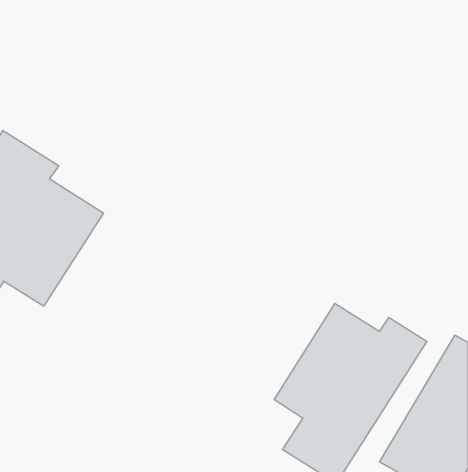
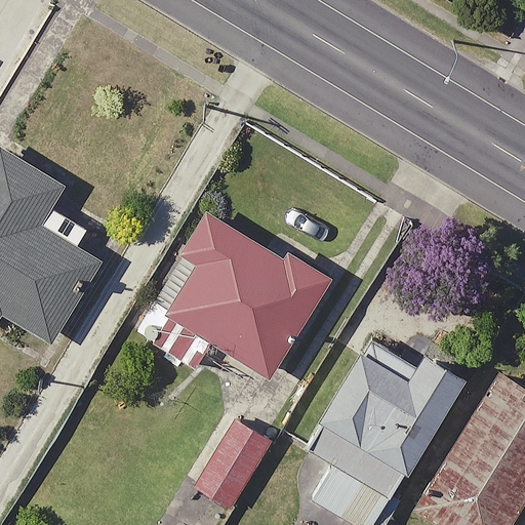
building: none -> [133,216,328,382]
building: none -> [193,421,271,510]

